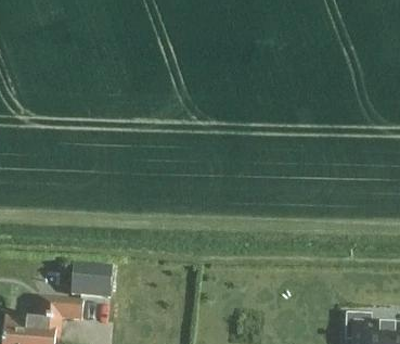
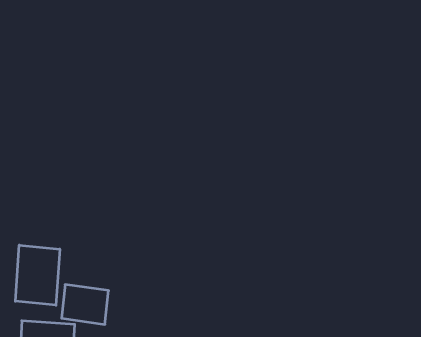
building: none -> [15,245,60,305]

